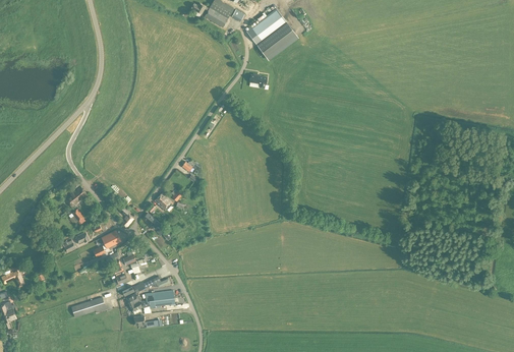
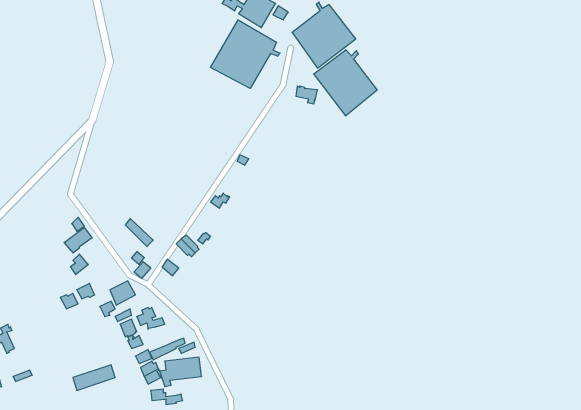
building: none -> [210,20,280,88]
building: none -> [314,50,377,116]

